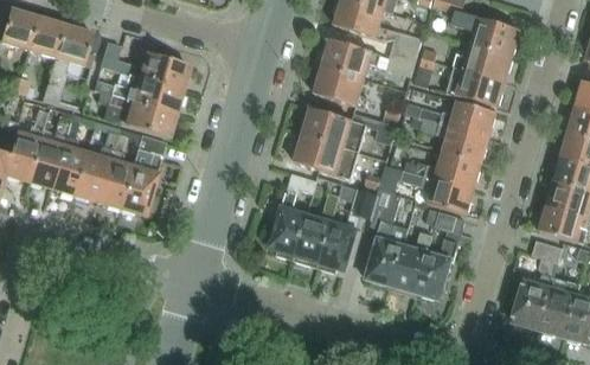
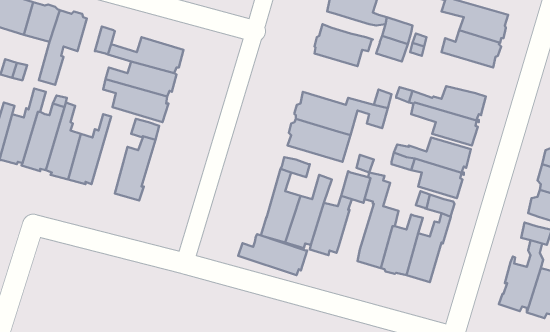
building: [444,66,504,107] -> none
building: [315,68,368,108] -> none
building: [96,132,133,210] -> none
building: none -> [238,234,307,275]

